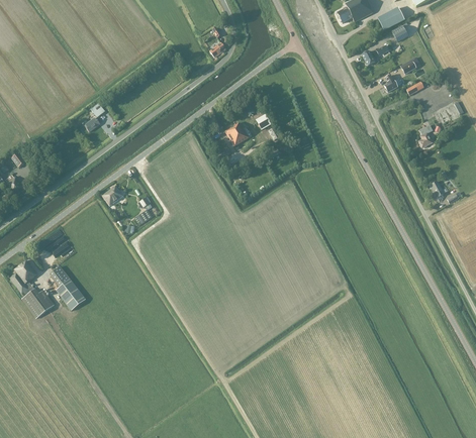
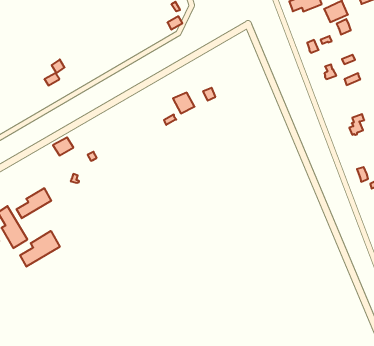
building: none -> [17,188,51,218]
building: none -> [20,231,60,267]

